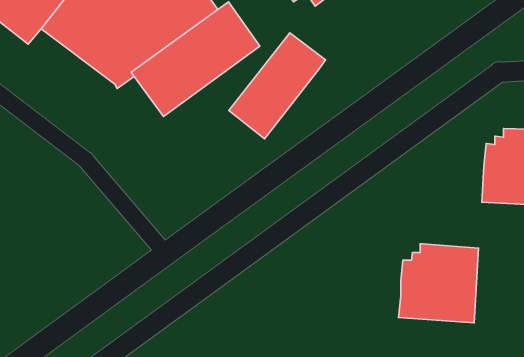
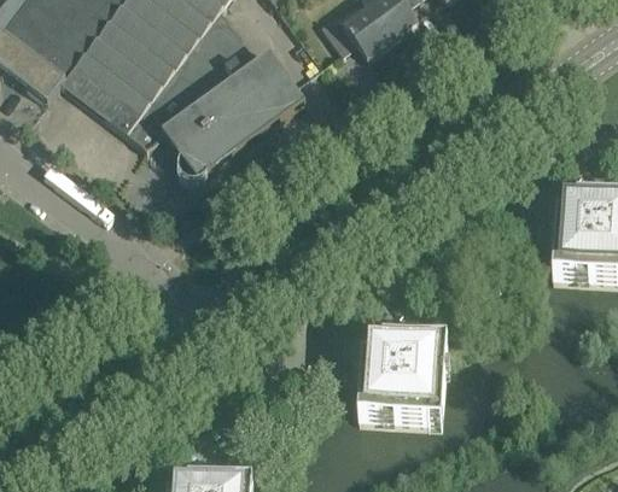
building: [229,33,326,139] -> none
building: [399,244,479,323] -> [360,330,449,418]

